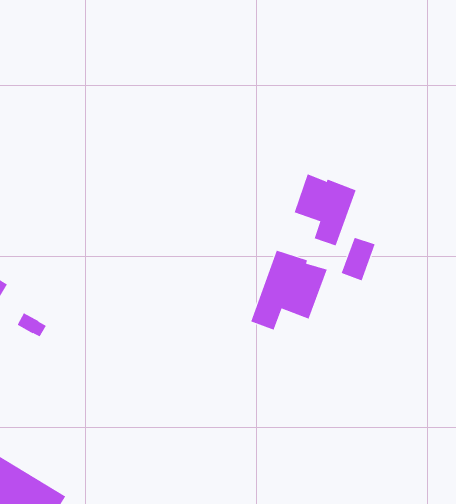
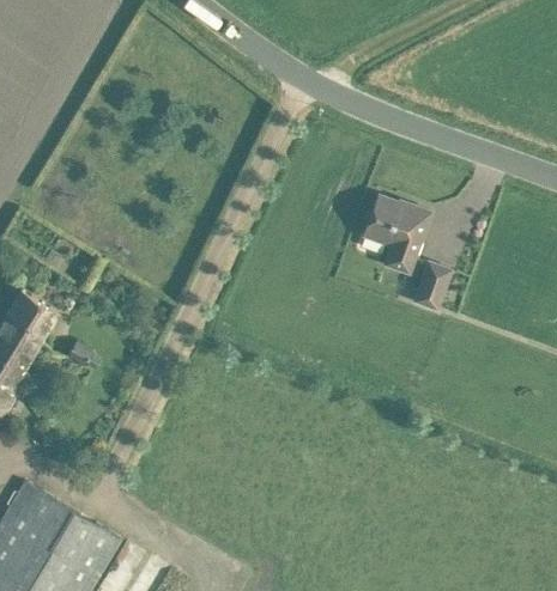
building: [250,250,327,331] -> none

